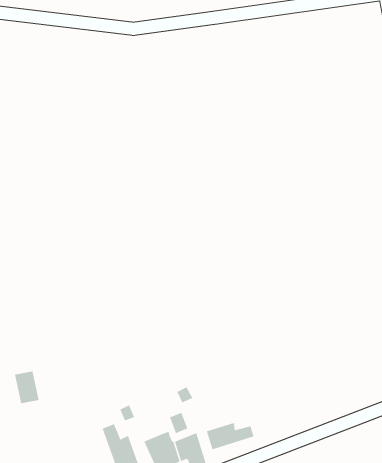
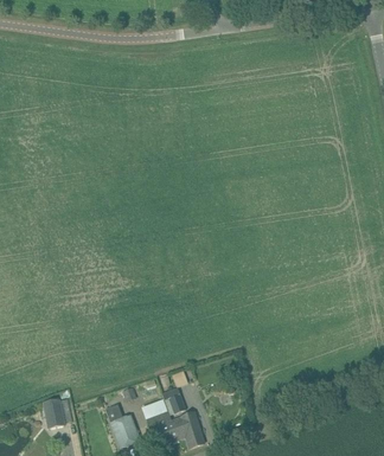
building: [14,371,40,404] -> [40,397,64,428]
building: [206,422,254,450] -> none

